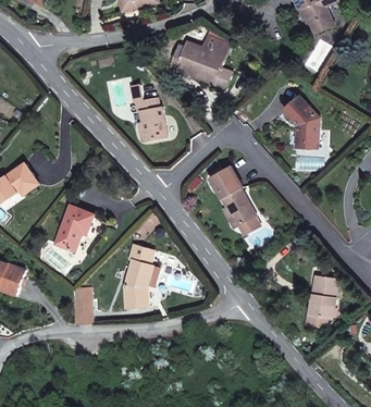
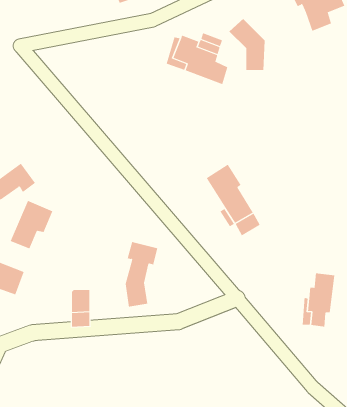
building: [129,89,165,144] -> none
building: [282,97,318,148] -> [229,18,265,70]
building: [58,203,100,251] -> [10,200,53,249]

